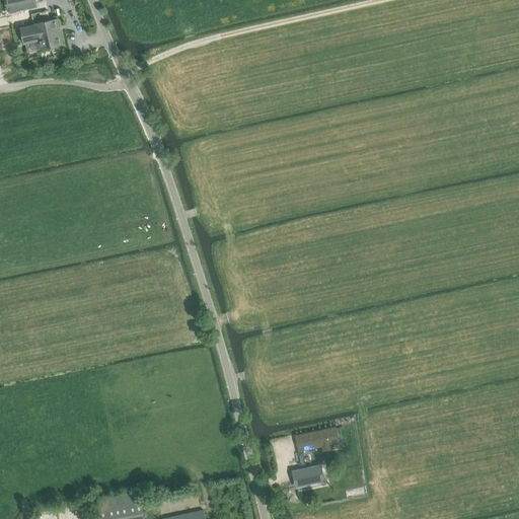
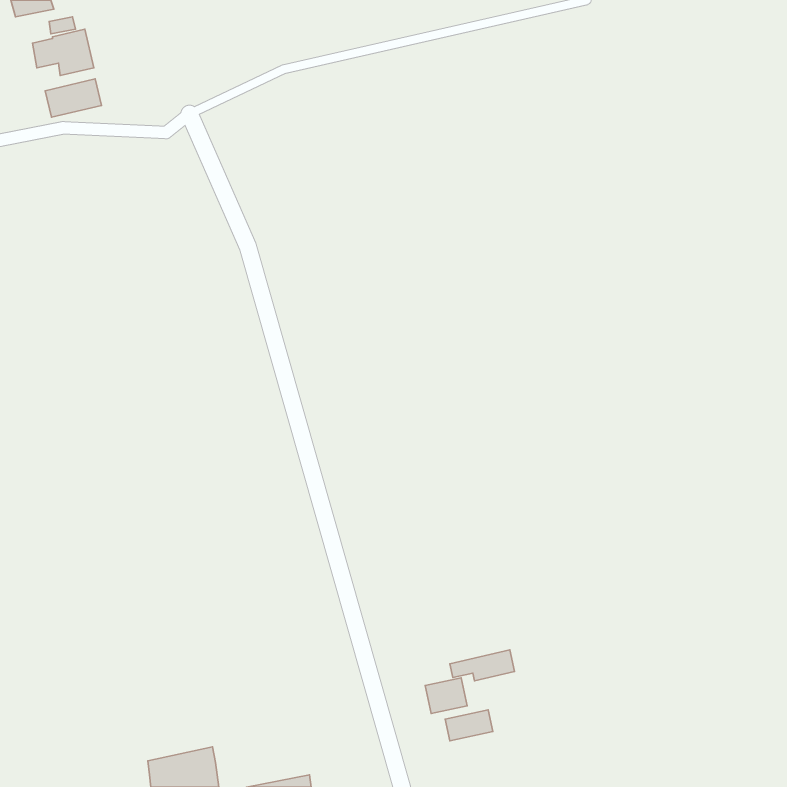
building: none -> [45,79,101,117]
building: none -> [425,678,467,714]

